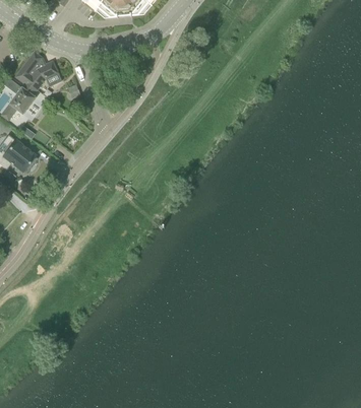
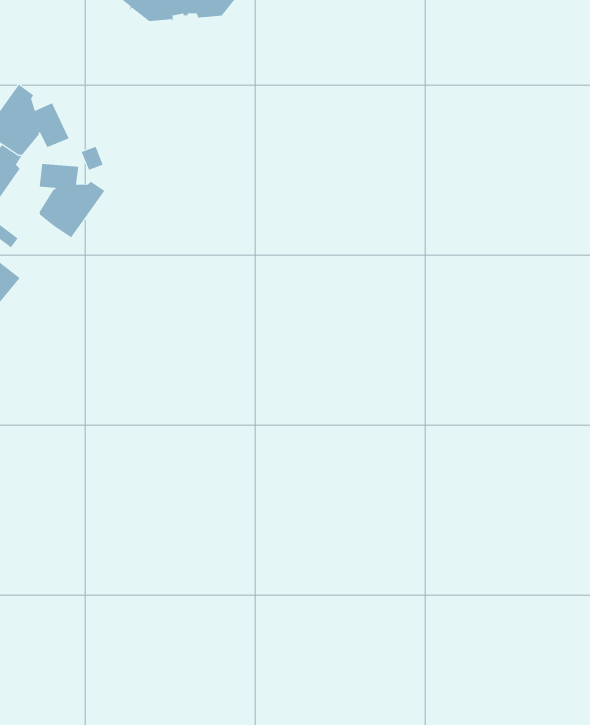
building: none -> [39,163,105,238]

